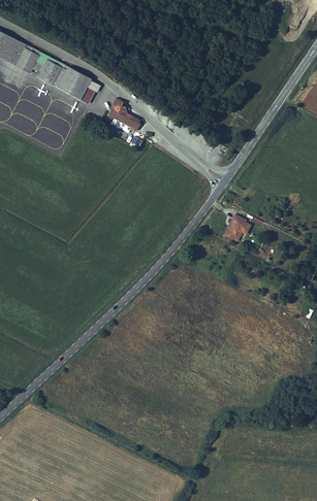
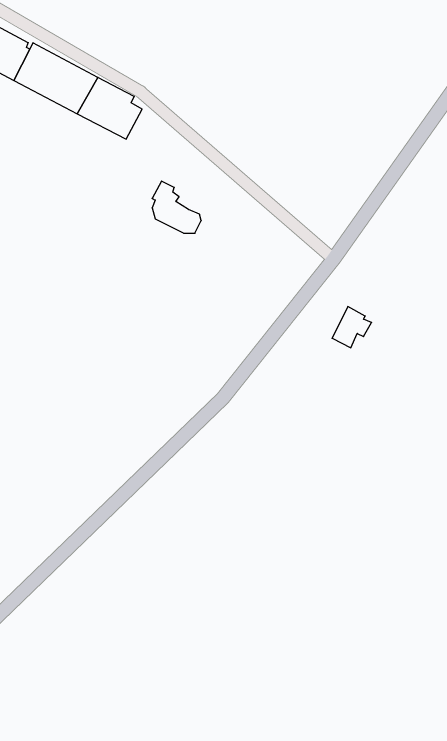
building: [109,98,141,132] -> [152,181,201,233]

